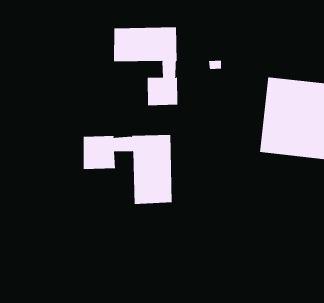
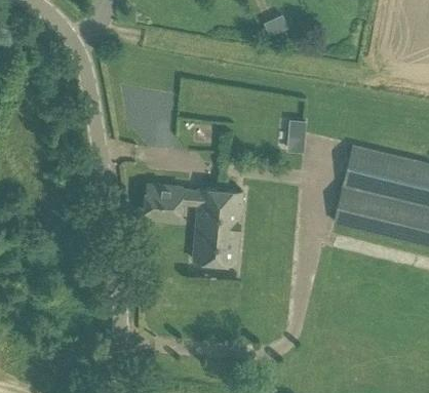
building: [114,27,178,106] -> none

